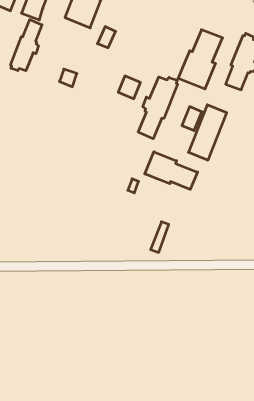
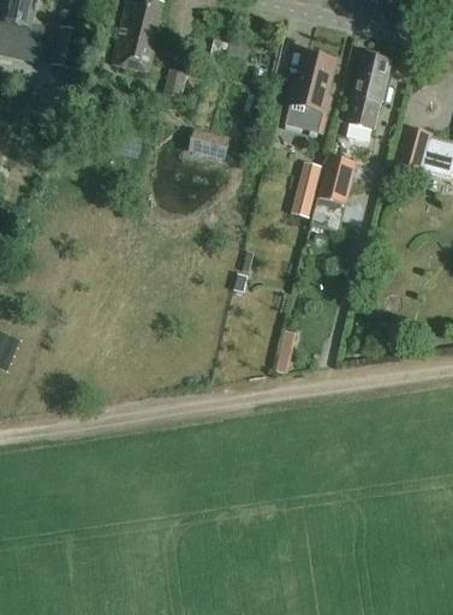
building: [11,20,42,71] -> none
building: [138,77,178,139] -> none
building: [145,152,198,189] -> none

